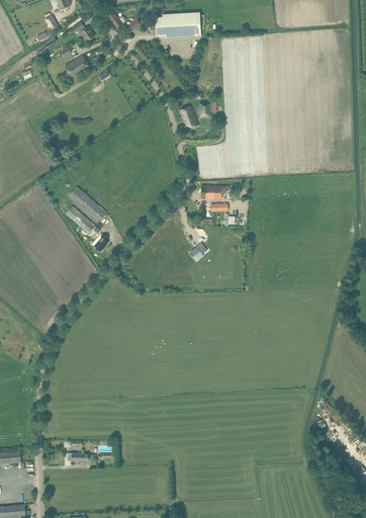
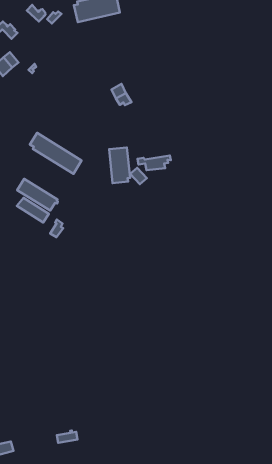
building: none -> [30,133,81,174]
building: none -> [109,147,130,183]

